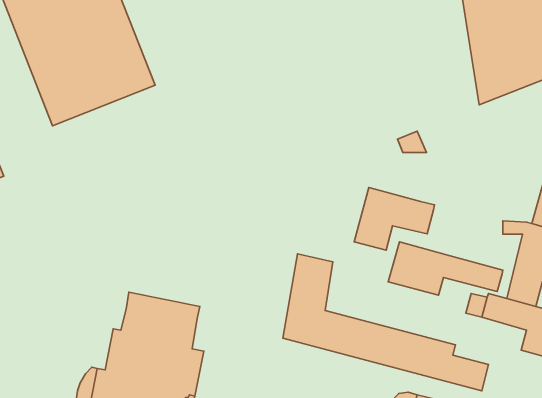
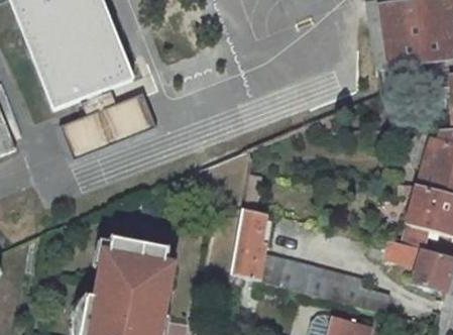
building: [354,187,435,250] -> none
building: [388,242,503,295] -> none

